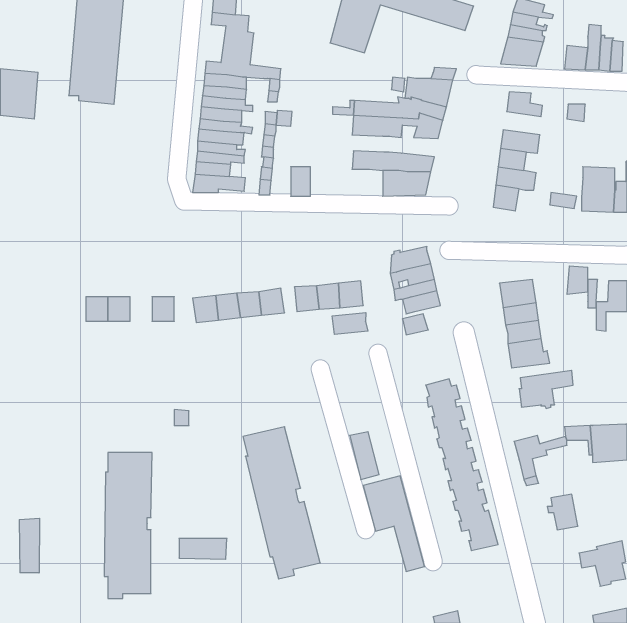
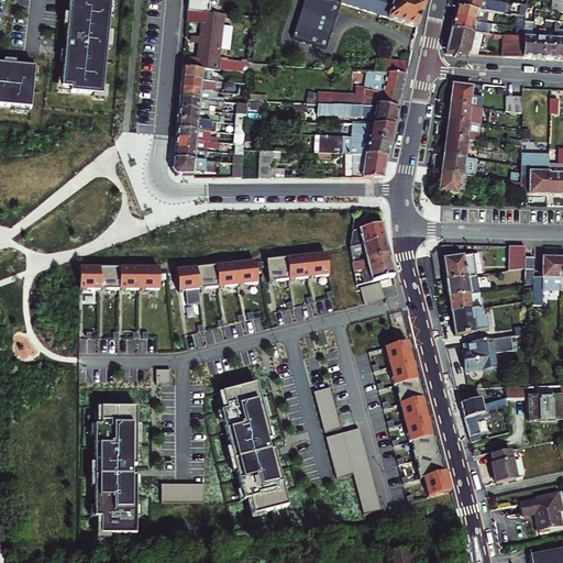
building: none -> [451,100,486,121]
building: none -> [349,122,393,141]
building: none -> [117,266,136,288]
building: [332,313,368,334] -> none
building: [19,518,40,573] -> none

